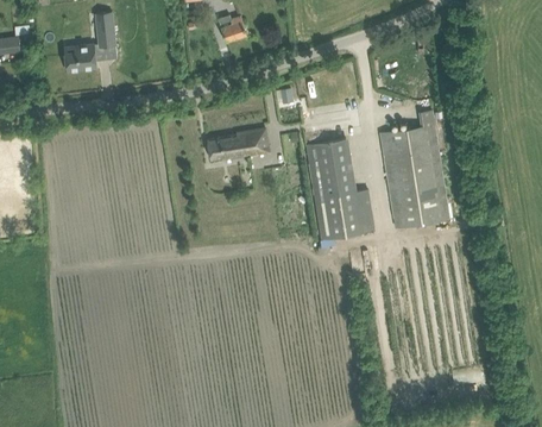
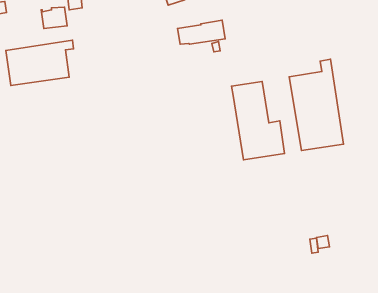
building: none -> [6,40,74,85]
building: [207,128,267,159] -> [178,20,225,44]

